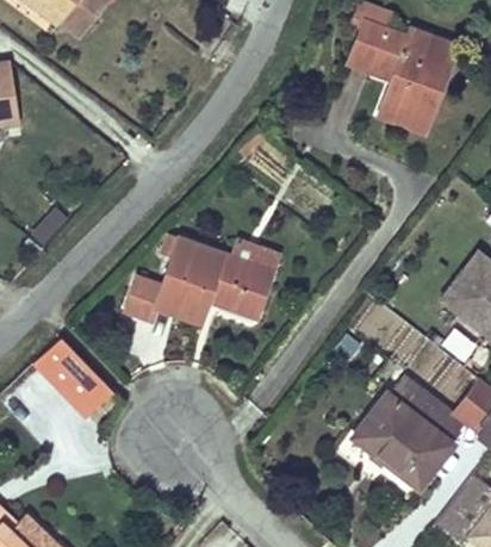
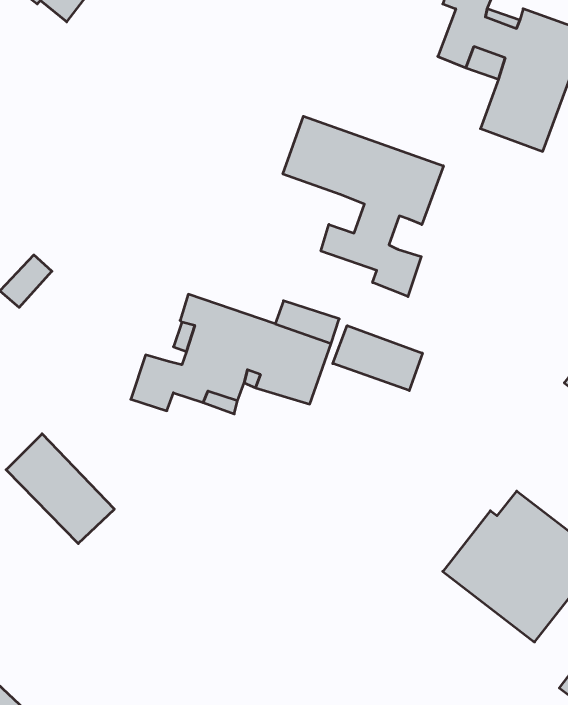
building: none -> [283,116,443,297]
building: none -> [333,326,422,391]

